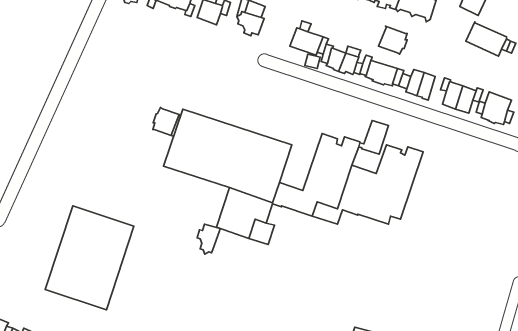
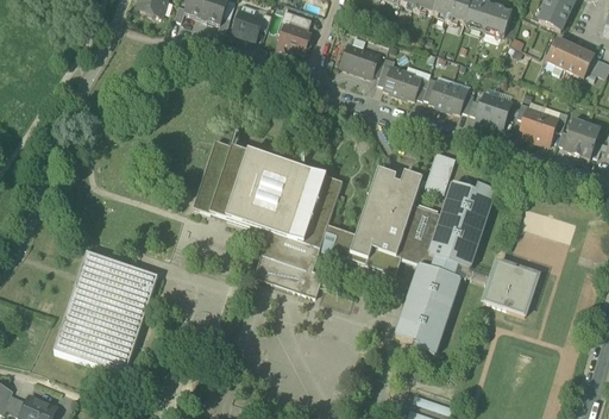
building: [379,26,407,54] -> none
building: [153,108,179,136] -> none
building: none -> [483,259,538,313]
building: none -> [395,261,460,354]
building: [197,224,220,254] -> none

